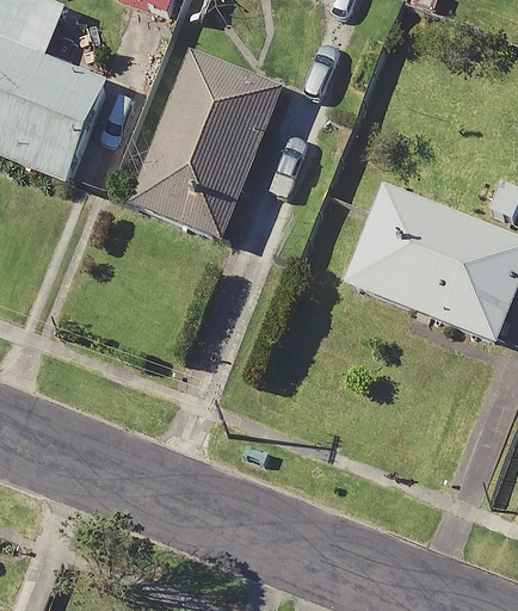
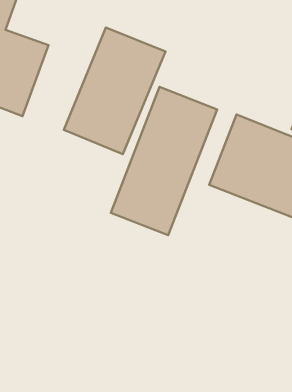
building: none -> [111,87,217,235]

